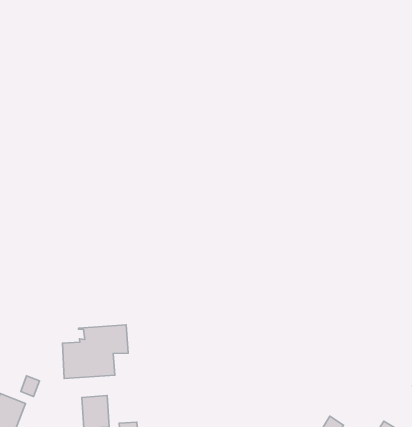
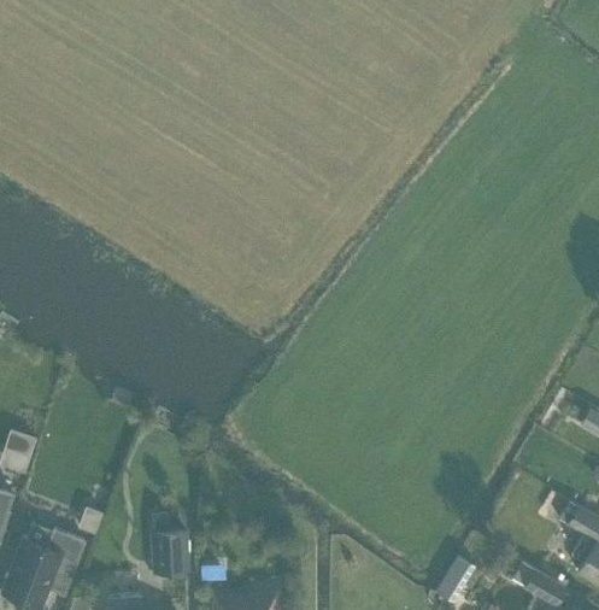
building: [62,325,128,378] -> none

